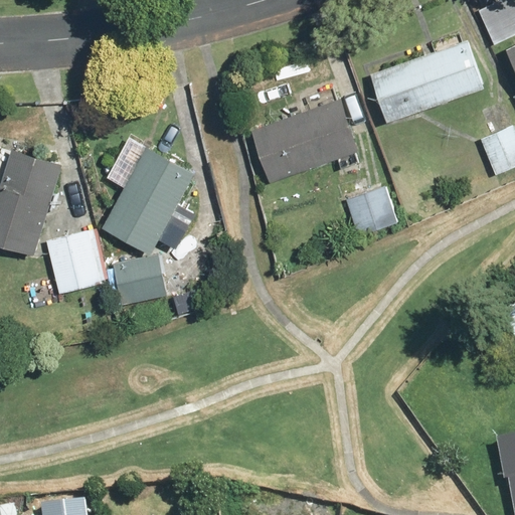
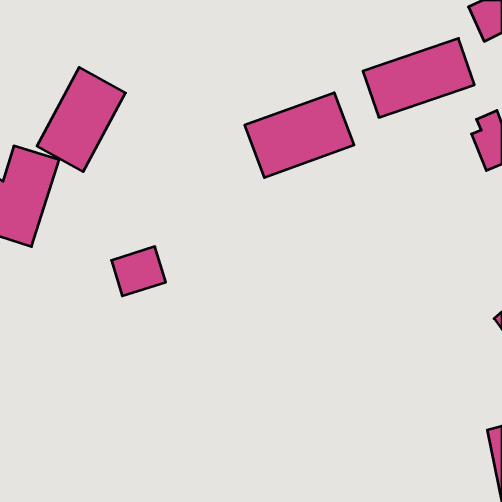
building: [103,147,193,253] -> [37,67,126,172]
building: [344,184,397,236] -> none
building: [46,230,109,293] -> none

